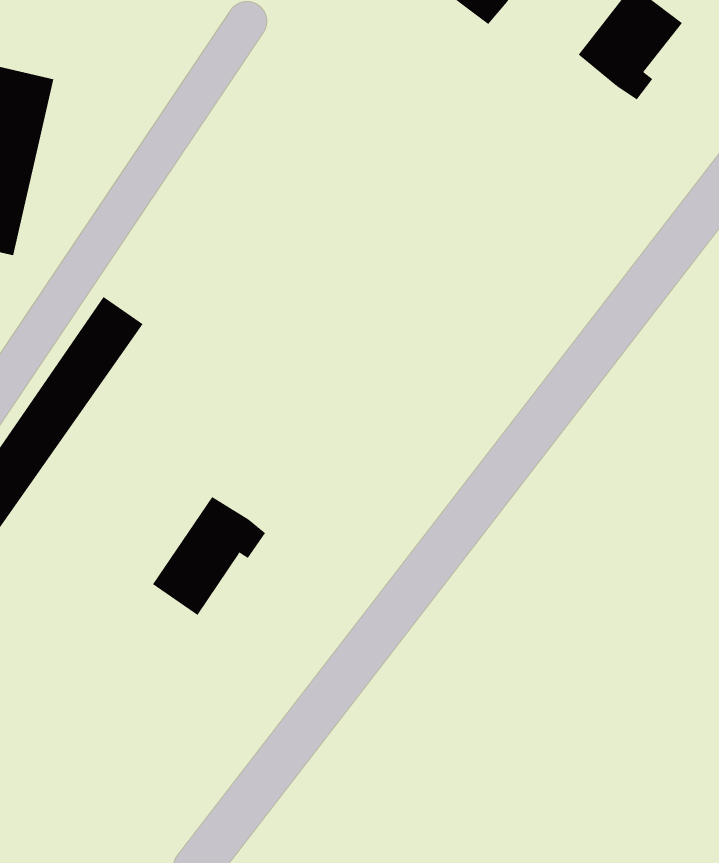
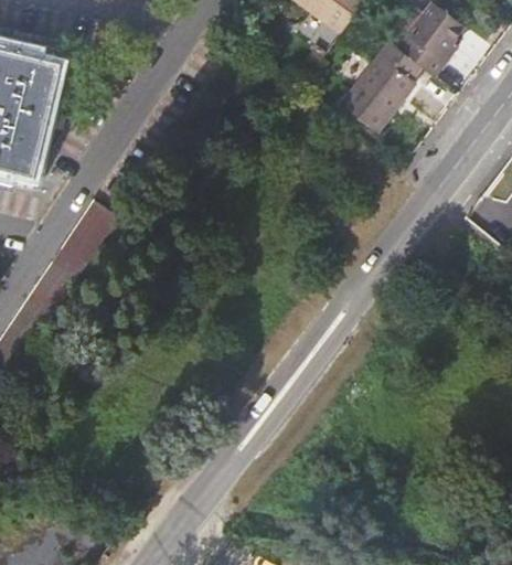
building: none -> [340,45,418,135]
building: [152,496,266,616] -> none

